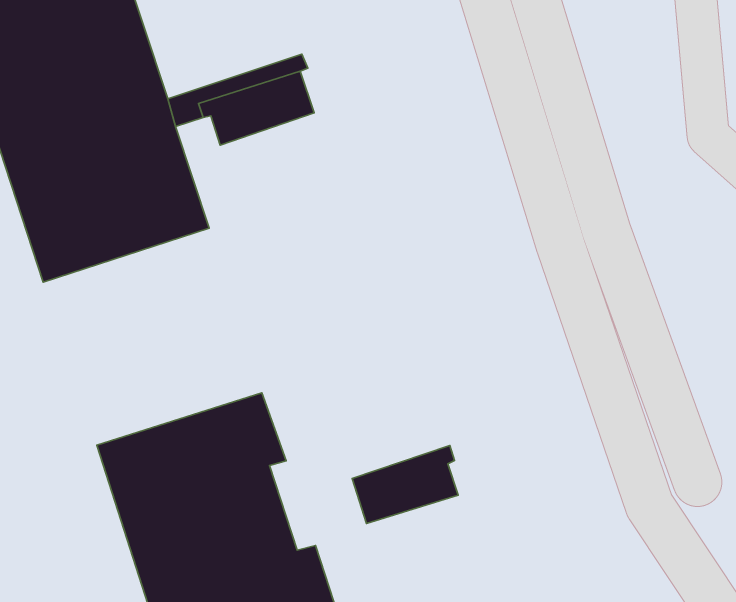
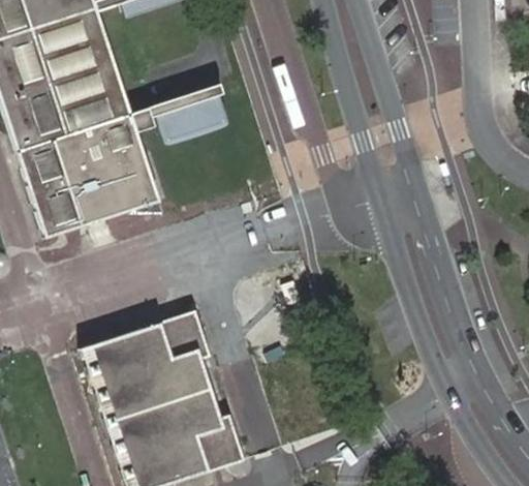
building: [352,445,458,524] -> none

